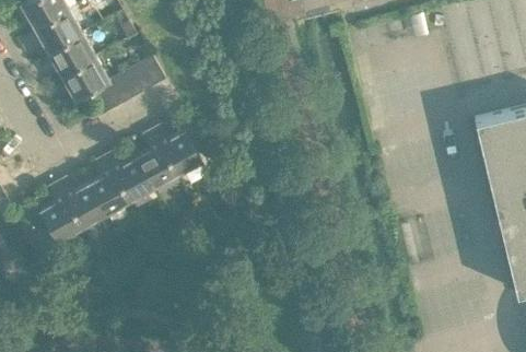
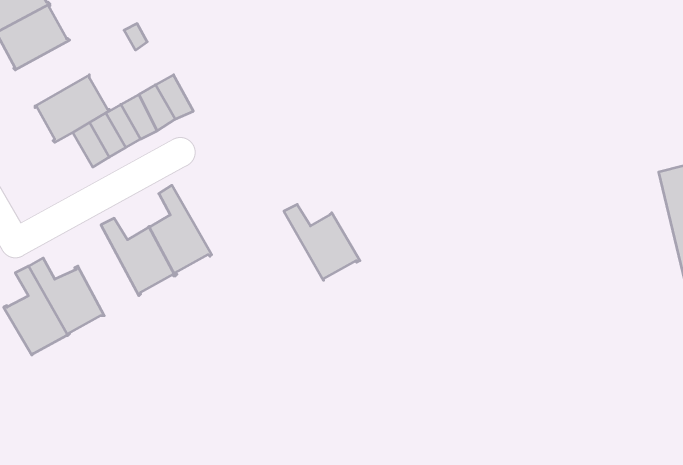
building: [48,34,97,78] -> none
building: [152,126,202,176] -> [284,204,360,280]
building: [90,156,130,216] -> none

